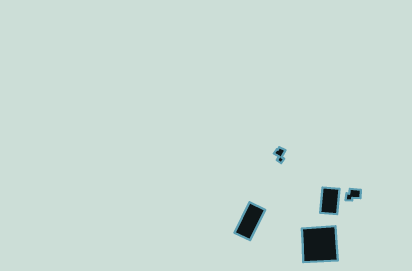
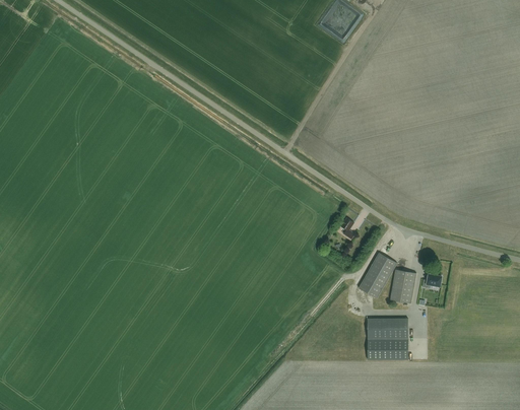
building: [235,202,265,240] -> [358,253,396,298]

